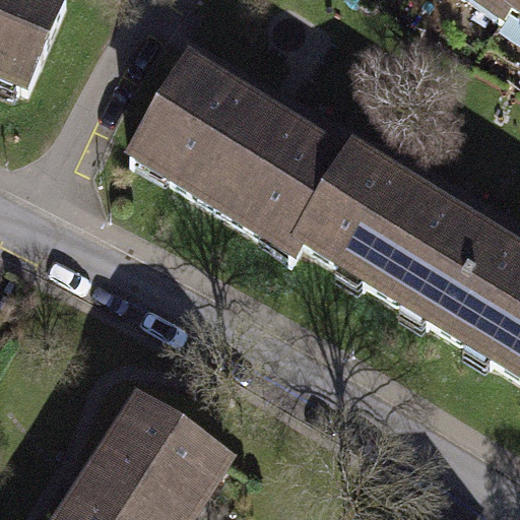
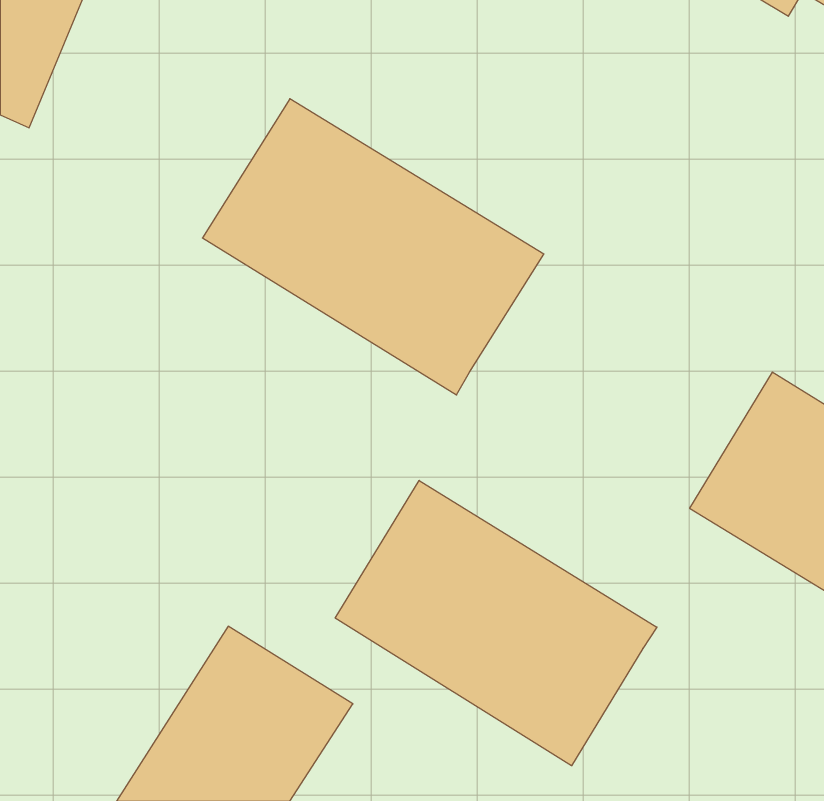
building: [297,149,486,319] -> none
building: none -> [335,480,657,766]

